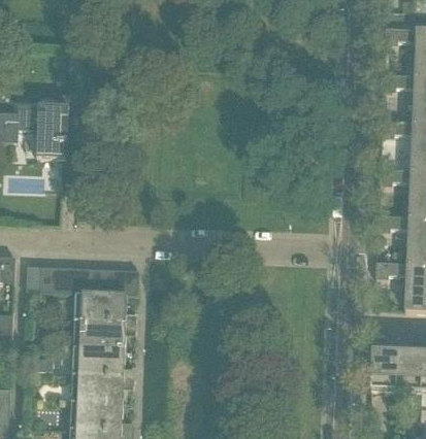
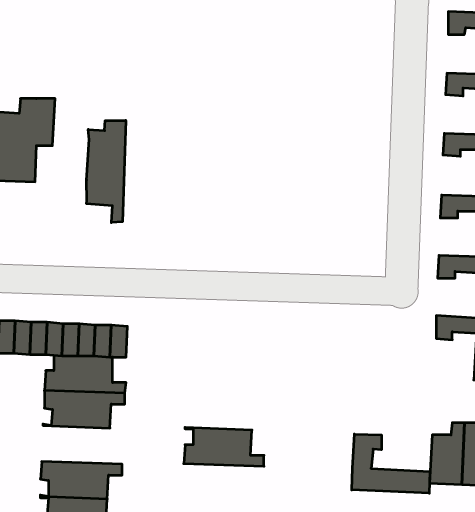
building: none -> [87,120,126,223]
building: [72,346,134,376] -> [184,427,264,466]
building: none -> [352,434,430,493]

